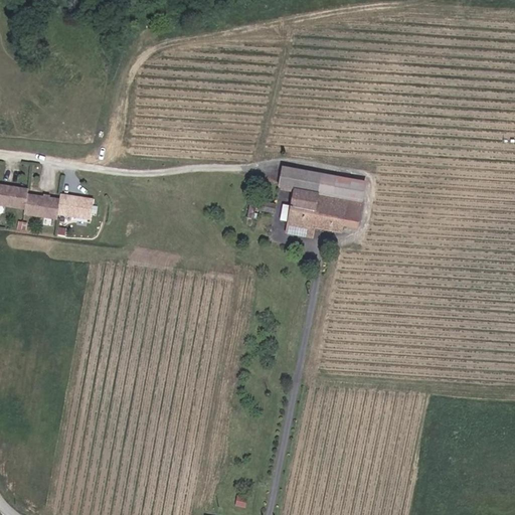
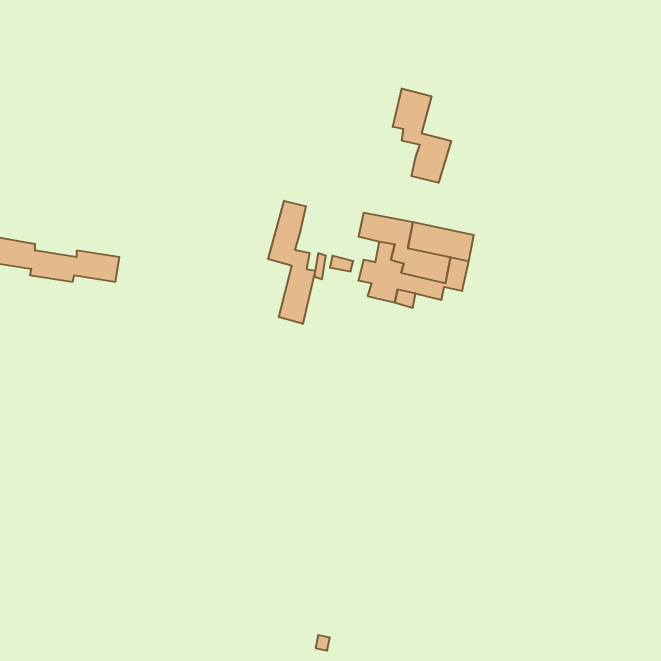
building: none -> [393,88,451,183]
building: none -> [268,201,315,324]

